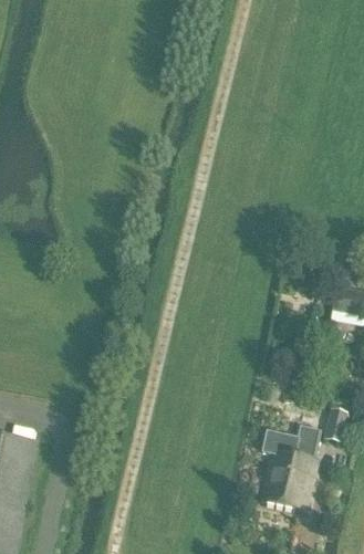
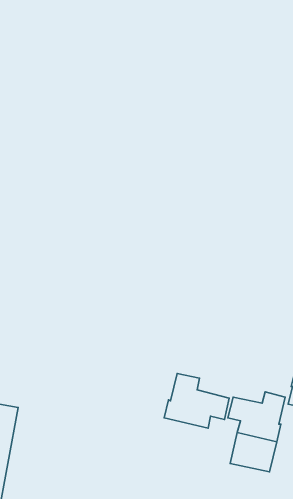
building: none -> [164,373,229,428]

